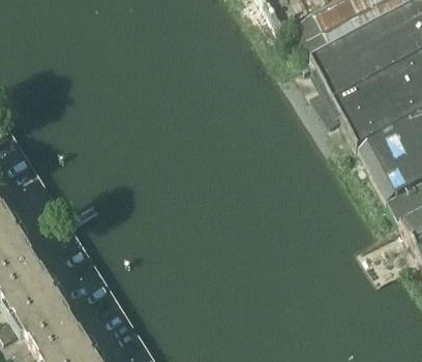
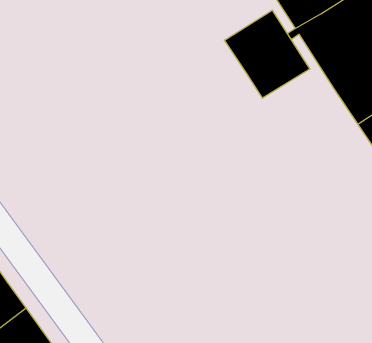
building: none -> [224,10,310,98]

